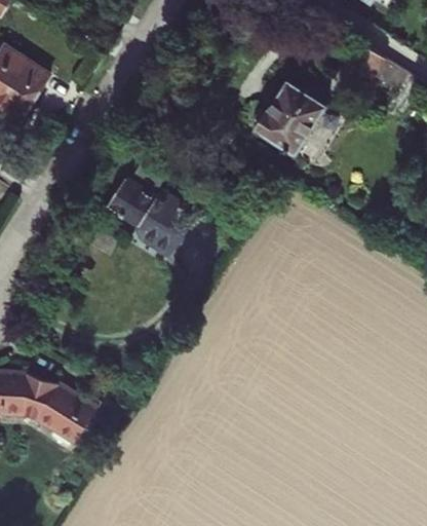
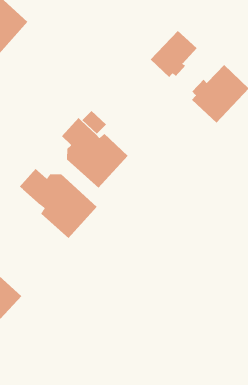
building: none -> [150,30,198,78]
building: none -> [19,168,97,239]

